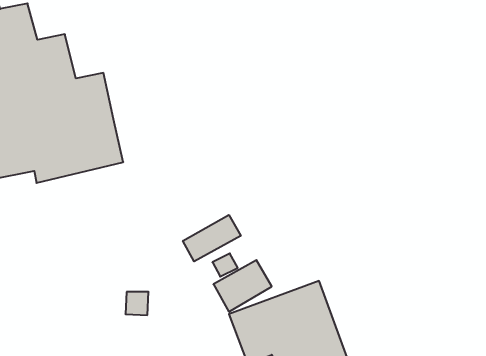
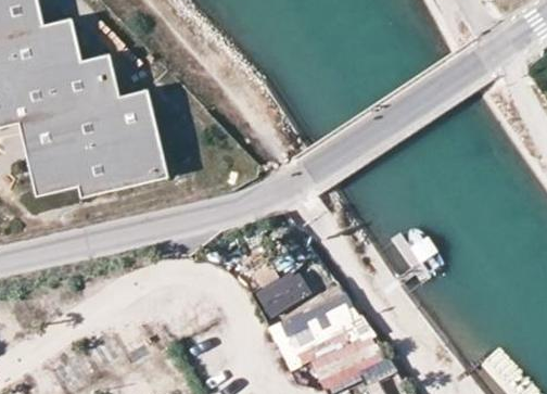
building: [183,215,241,261] -> none

